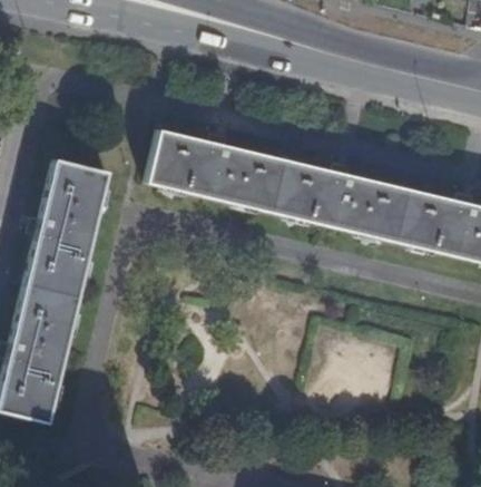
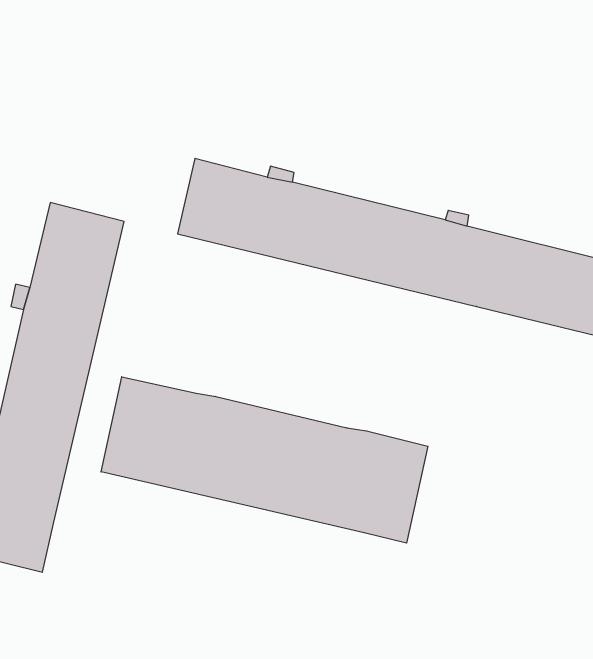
building: none -> [101,377,428,543]

